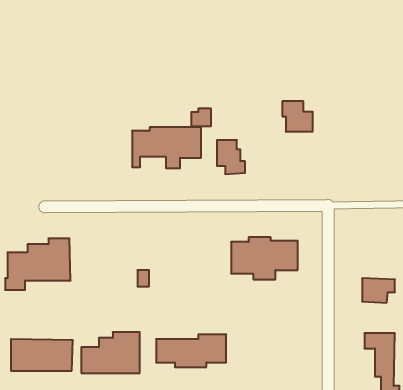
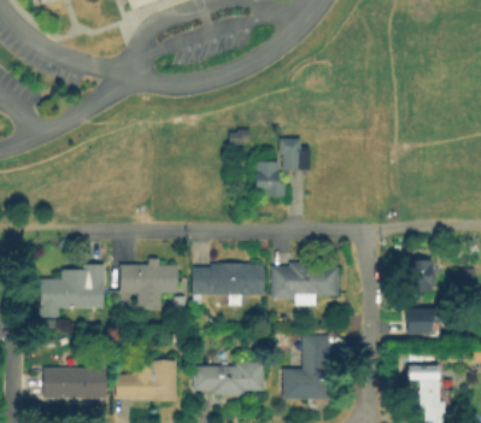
building: [282,101,313,132] -> [278,139,310,170]
building: [132,127,201,168] -> [192,264,263,306]
building: none -> [406,257,435,290]
building: none -> [119,259,177,307]
building: none -> [282,335,332,401]

